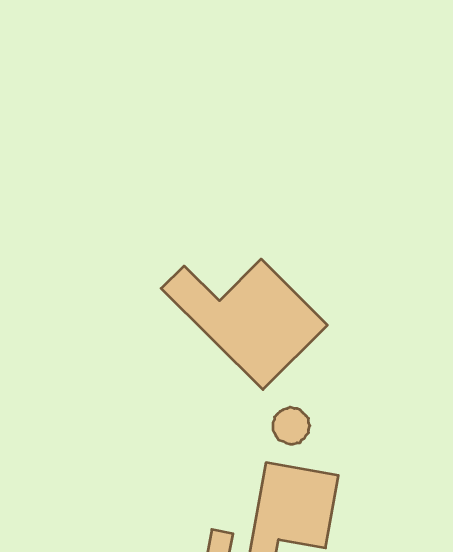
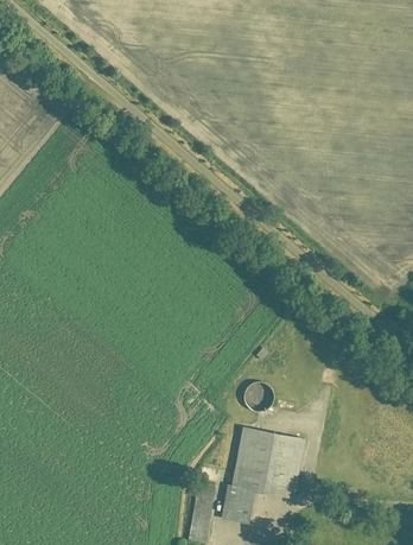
building: [161,259,327,390] -> none

